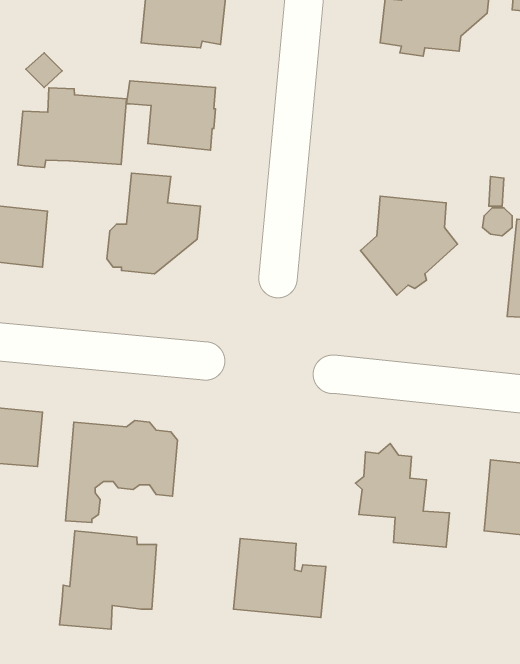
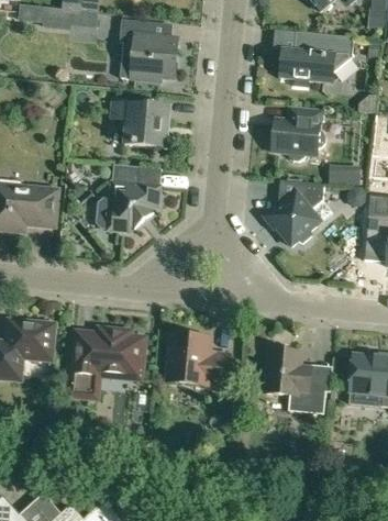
building: none -> [271,106,325,160]
building: [18,88,126,168] -> none
building: [59,531,156,629] -> none
building: [233,538,326,618] -> [167,334,229,387]

